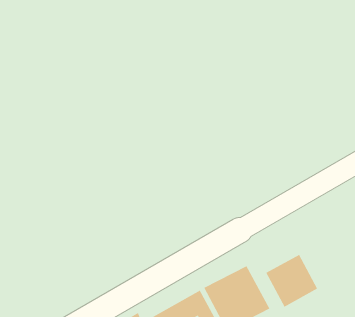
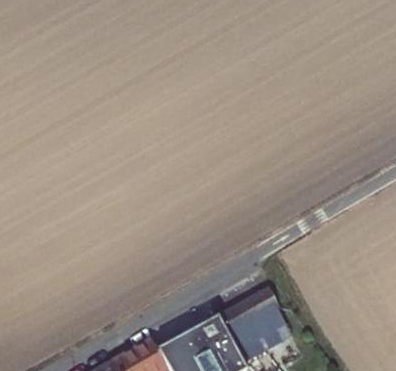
building: [265,254,318,308] -> none

